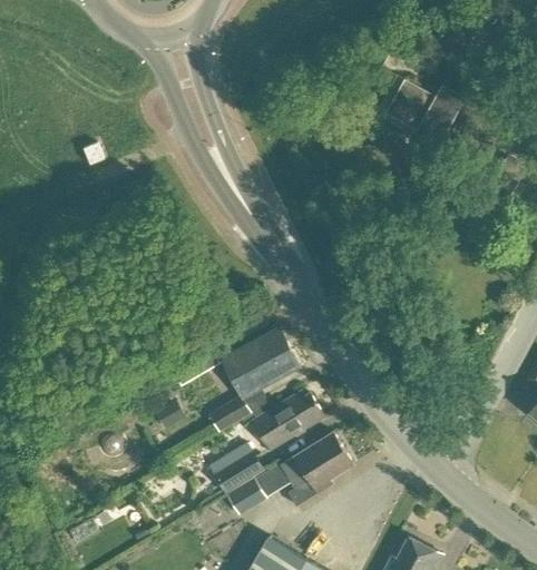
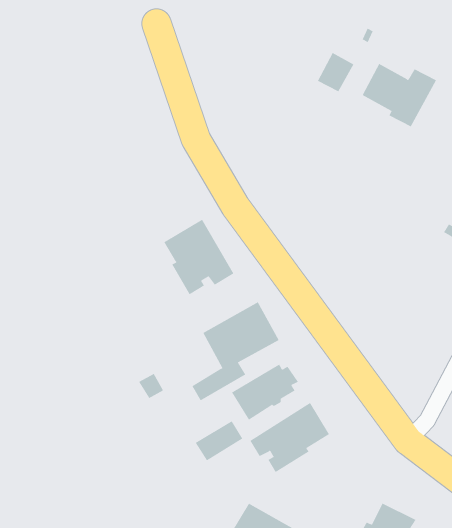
building: none -> [317,52,354,92]
building: none -> [164,219,234,295]
building: [226,479,266,514] -> none

